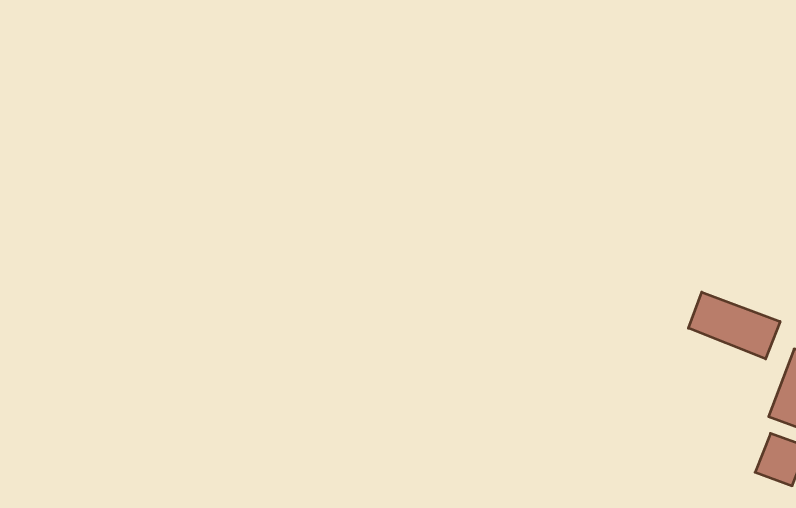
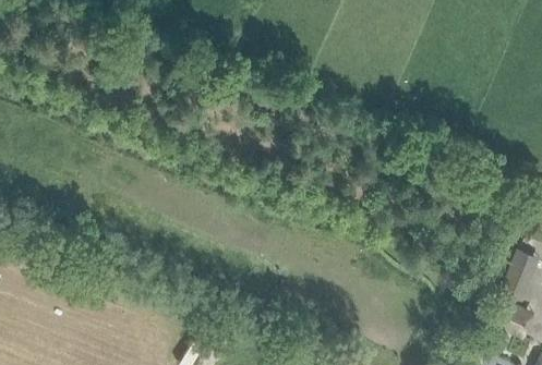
building: [688,292,780,359] -> none

